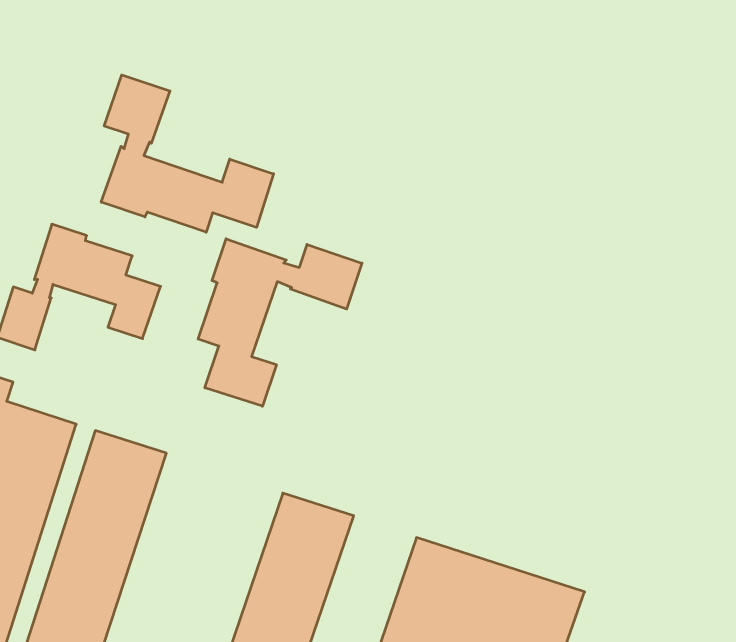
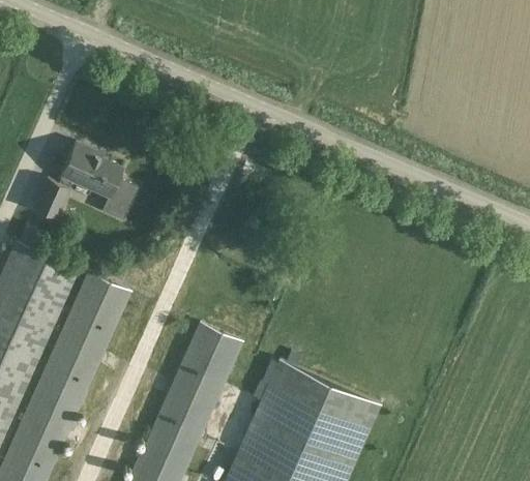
building: [101,75,274,232] -> none
building: [198,239,362,406] -> none

